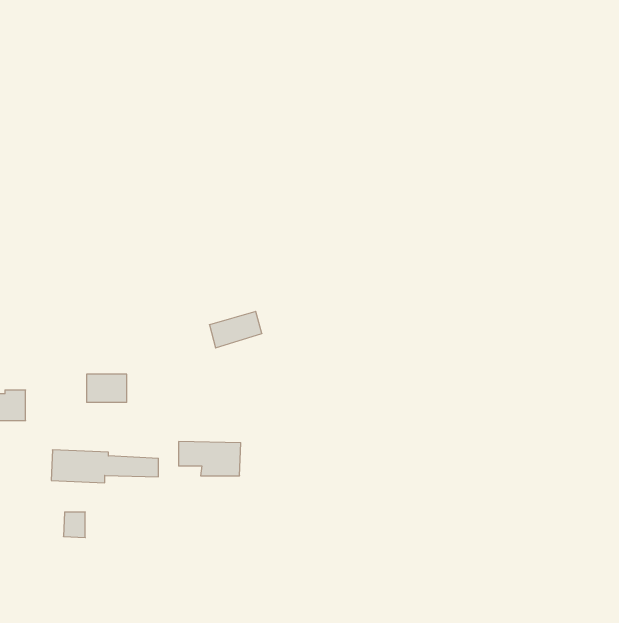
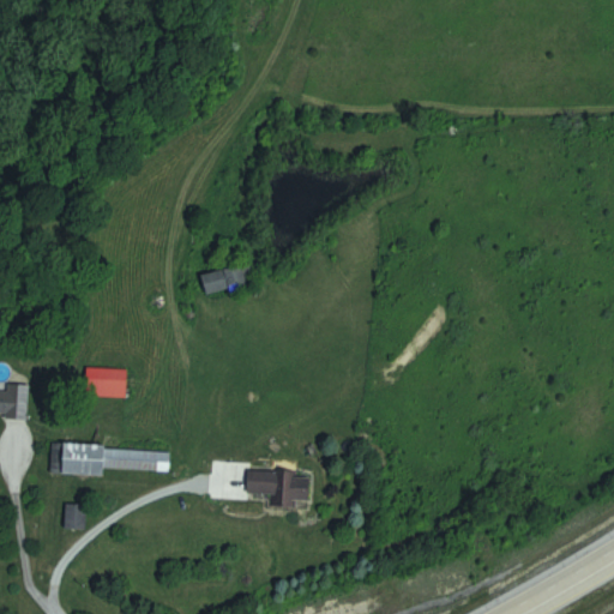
building: [209,311,262,348] -> [201,261,253,297]
building: [179,442,241,476] -> [248,469,309,502]

